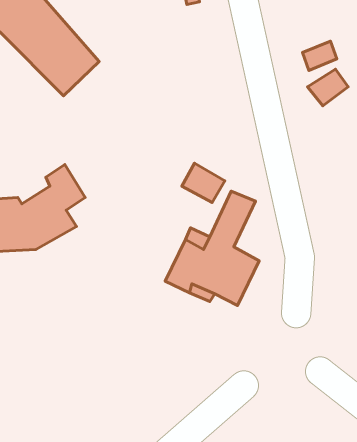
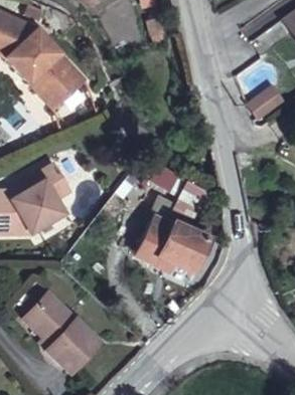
building: none -> [22,291,99,374]

